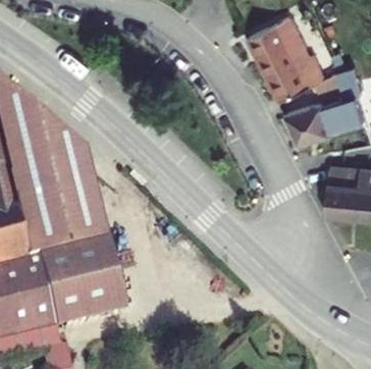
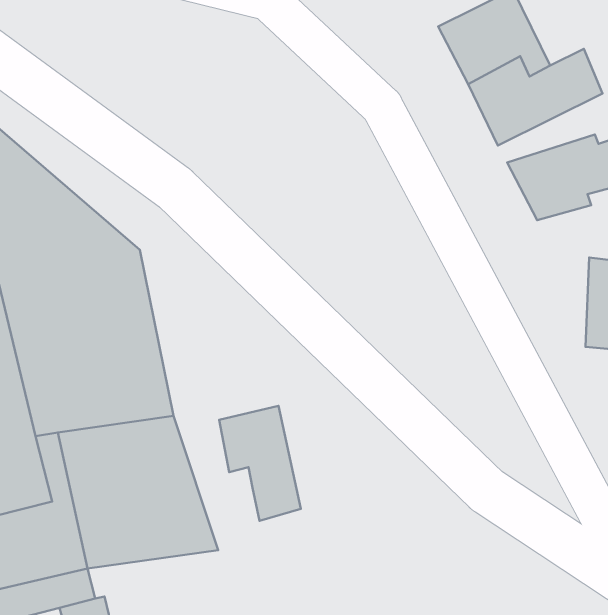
building: none -> [219,406,301,521]

